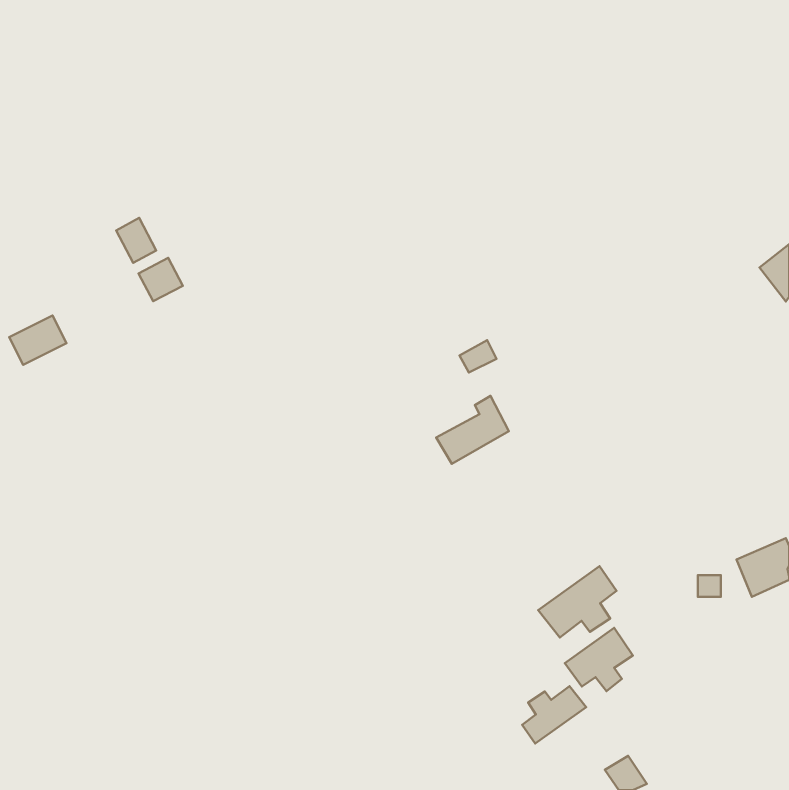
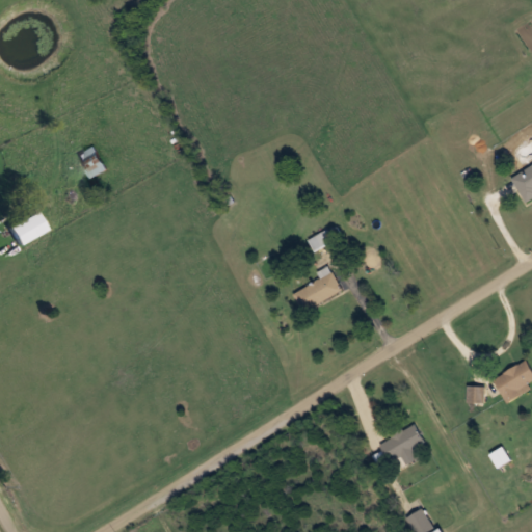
building: [138,258,183,301] -> none
building: [538,566,617,637] -> none
building: [522,686,586,744] -> none

